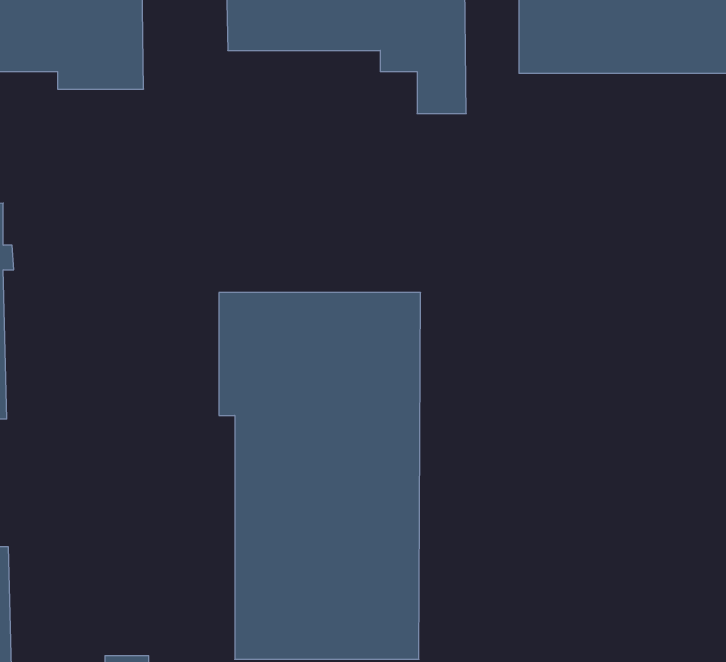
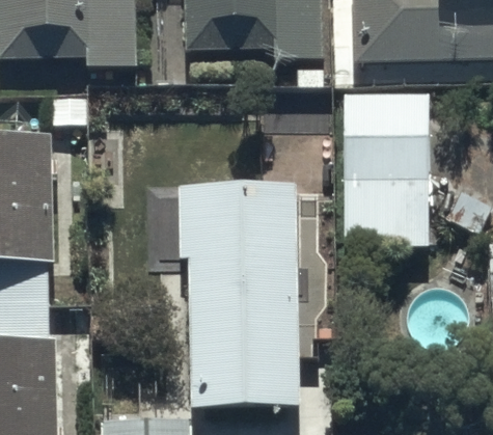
building: none -> [343,92,429,246]

